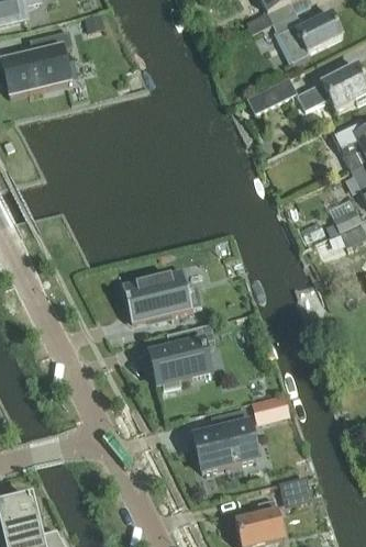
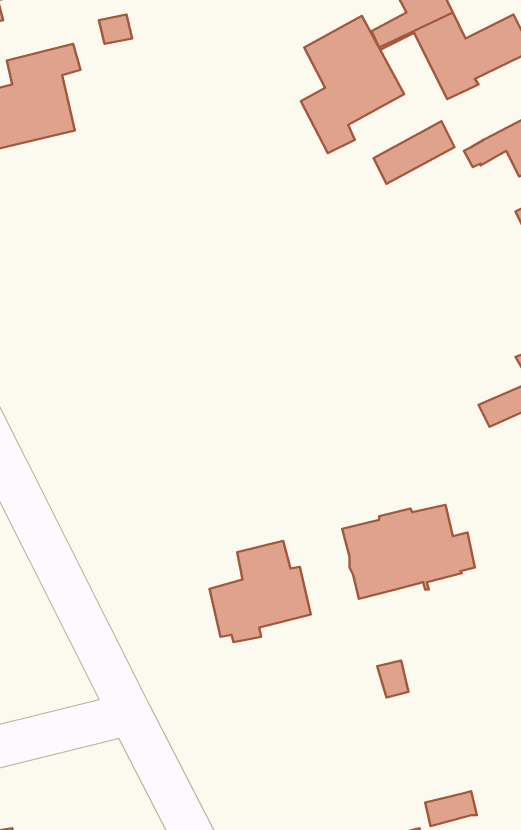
building: none -> [301,16,404,153]
building: [121,268,200,324] -> [342,505,475,599]
building: [192,408,257,470] -> none

